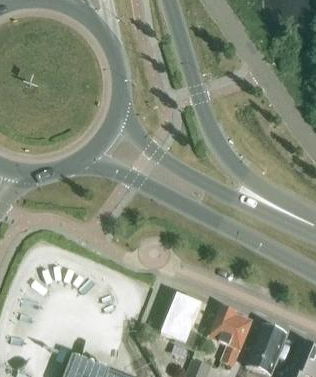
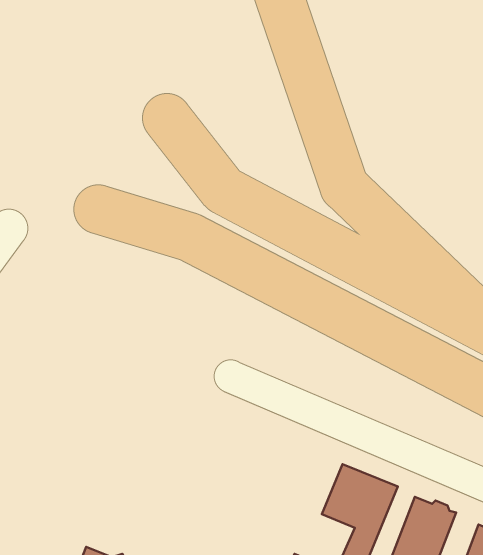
building: [160,295,201,348] -> none

